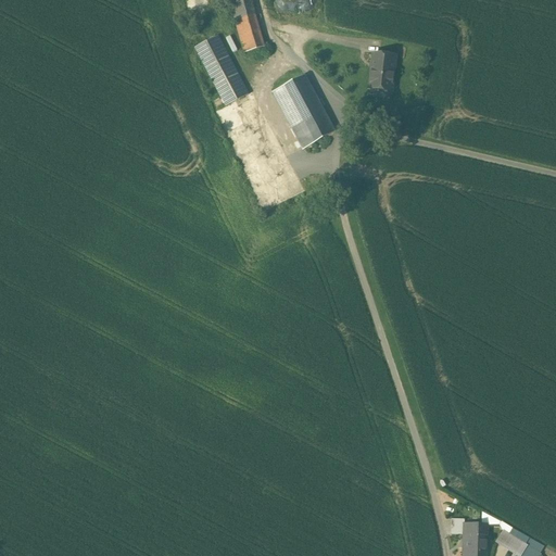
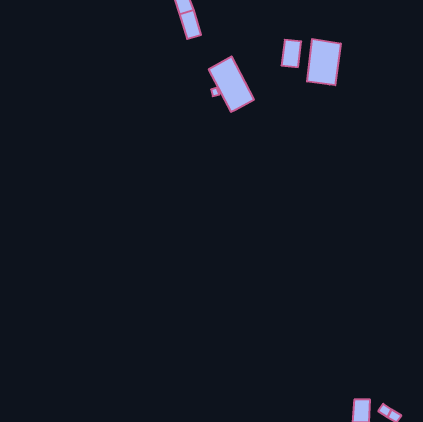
building: [195,34,248,104] -> none
building: none -> [307,39,341,85]

